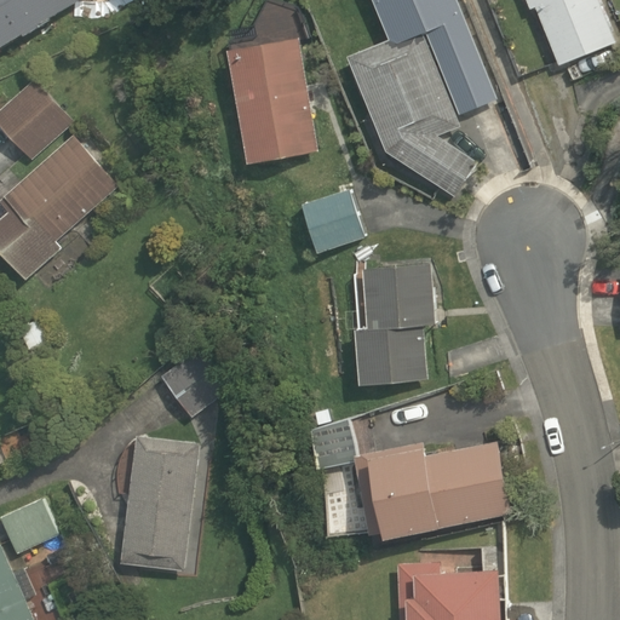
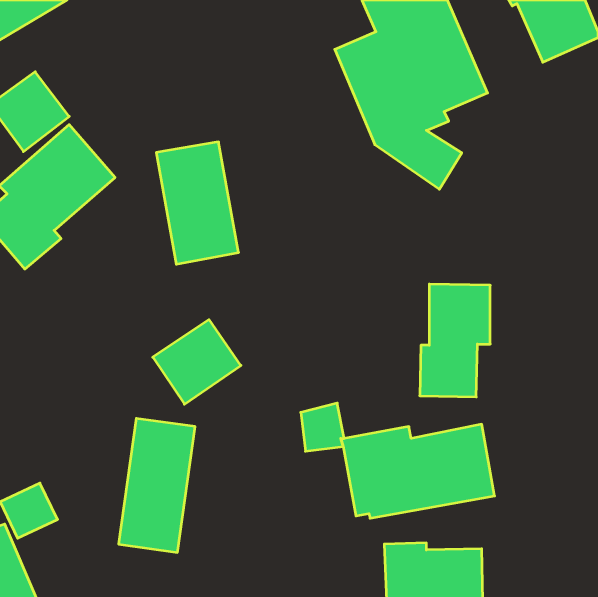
building: [228,35,312,161] -> [156,142,239,264]
building: [305,190,367,251] -> none
building: [357,264,430,380] -> [420,284,490,397]

